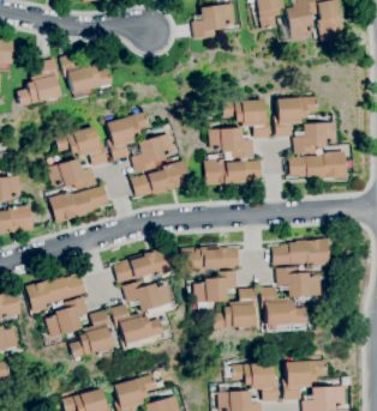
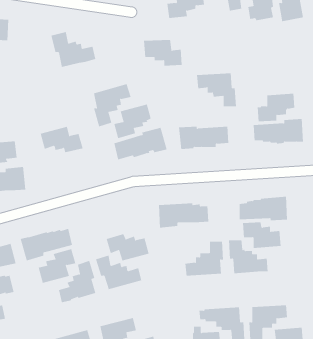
building: [17,59,59,107] -> none
building: [275,97,319,137] -> none
building: [56,126,108,165] -> none
building: [210,128,255,158] -> [143,40,183,66]
building: [49,186,109,223] -> none
building: [113,247,173,284] -> none
building: [193,271,238,303] -> none

